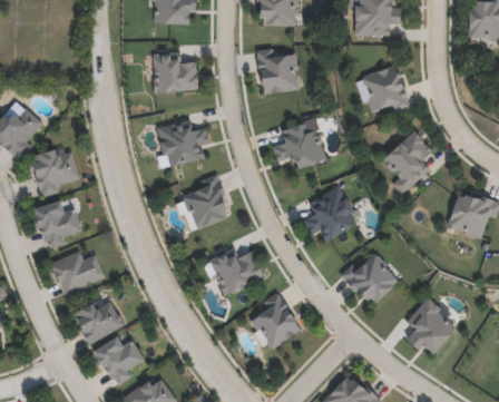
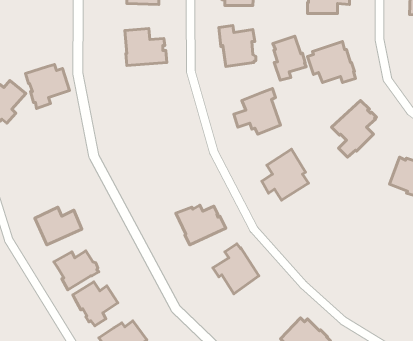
building: none -> [273,36,306,80]
building: [156,119,208,167] -> none
building: [29,148,78,197] -> [26,64,70,108]
building: [183,175,227,229] -> none
building: [35,202,79,248] -> none
building: [340,252,398,301] -> none
building: [407,295,456,351] -> none

